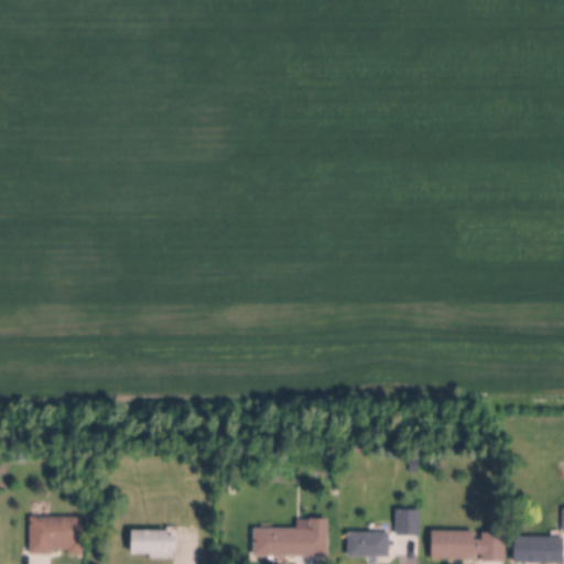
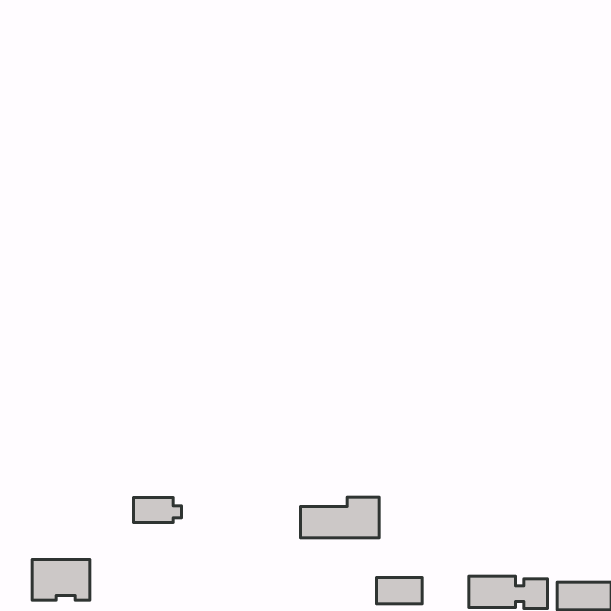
building: [394,510,420,535] -> none
building: [254,519,327,556] -> [300,497,379,538]
building: [132,530,176,553] -> [134,497,181,523]

